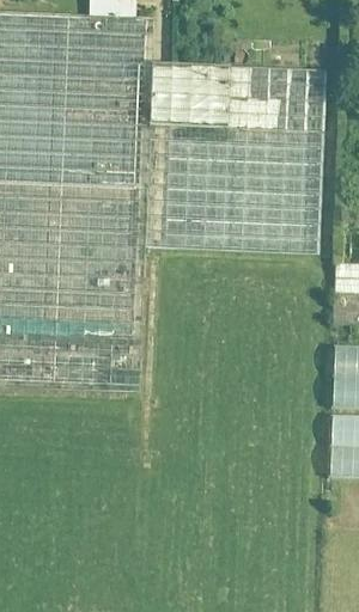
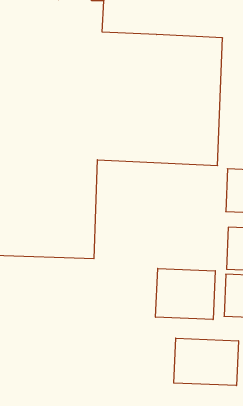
building: none -> [156,268,215,320]
building: none -> [174,338,238,386]

